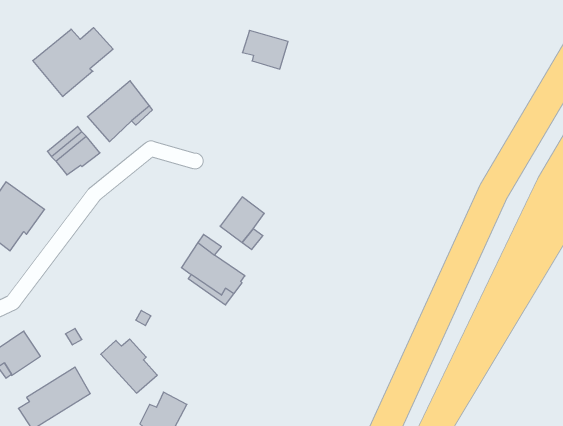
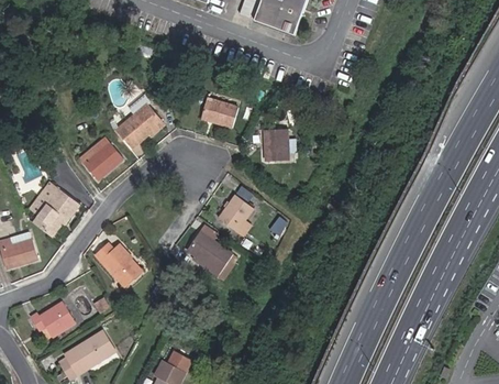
building: [33,28,113,97] -> none
building: [242,30,288,69] -> [201,98,237,129]
building: none -> [265,130,288,162]
building: [101,339,157,393] -> [96,243,141,286]

